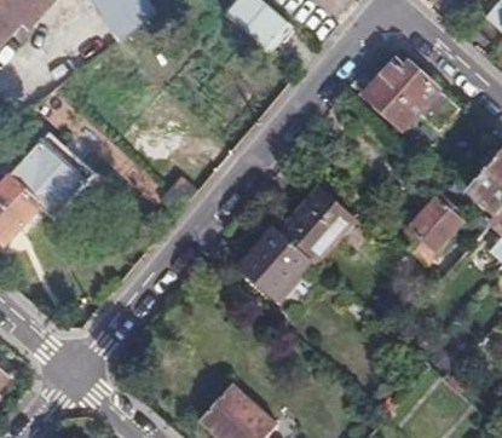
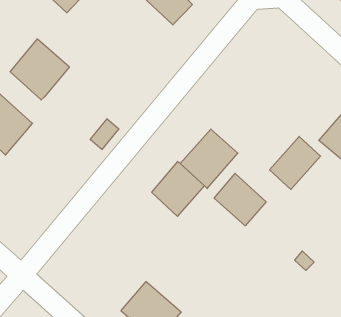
building: [362,63,460,136] -> none
building: none -> [10,39,69,100]
building: none -> [214,173,266,226]

